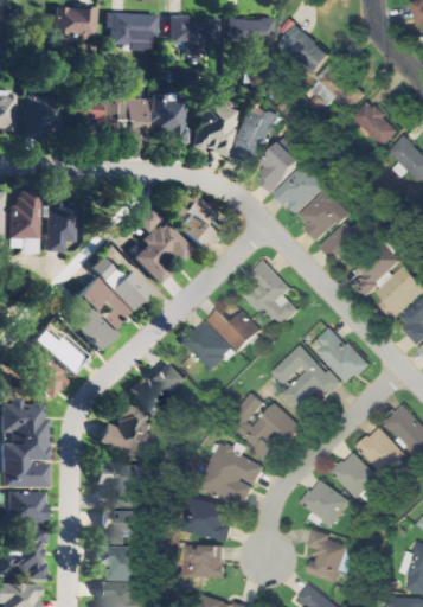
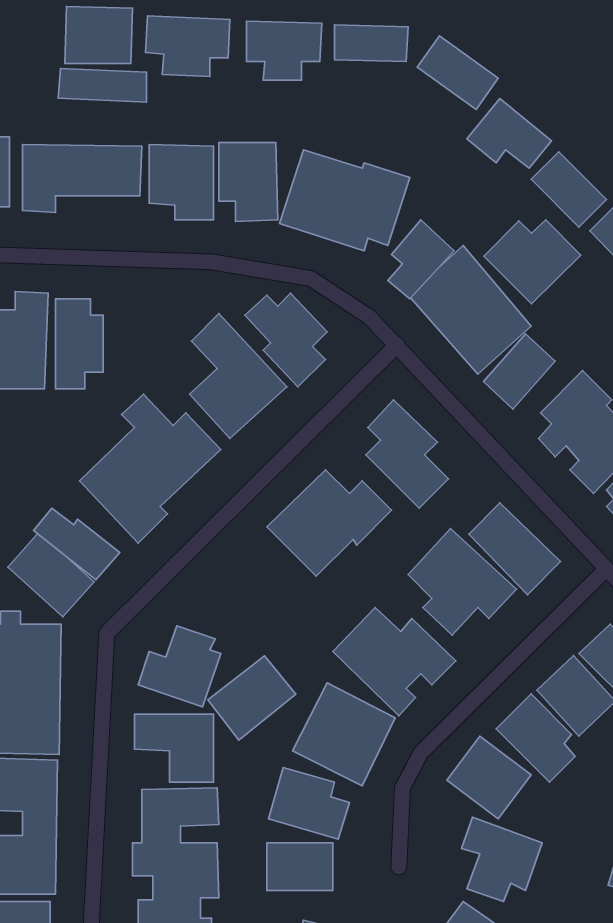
building: none -> [58,68,147,102]
building: none -> [484,220,581,304]
building: [132,360,188,415] -> [208,656,296,740]

